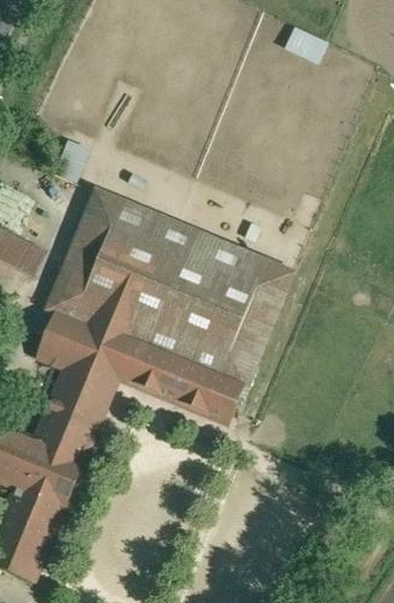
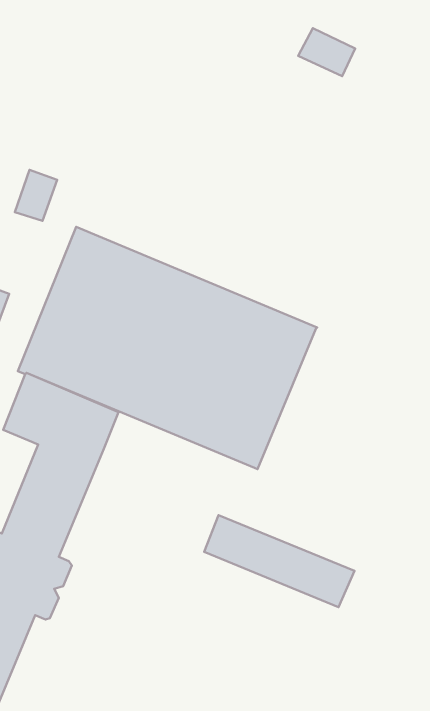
building: [120,341,242,415] -> [204,515,355,607]

